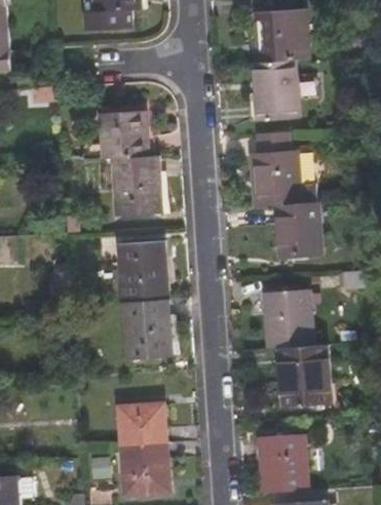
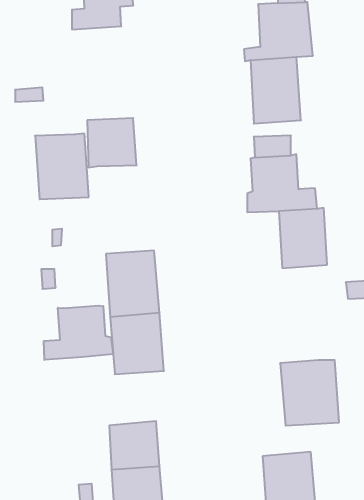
building: [108,160,158,222] -> [35,134,89,199]
building: [264,290,315,348] -> none
building: none -> [44,306,113,360]

